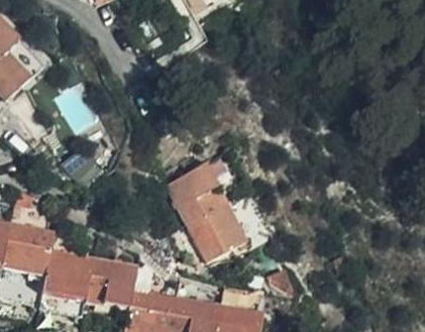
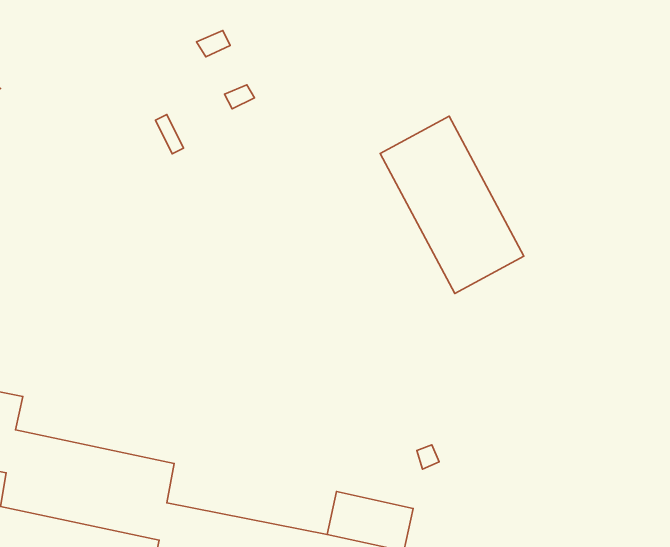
building: [168,162,245,258] -> [380,116,524,293]

